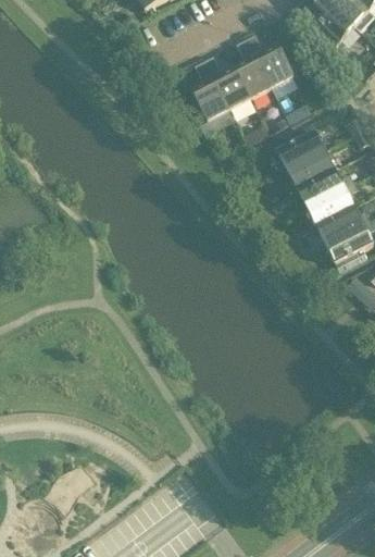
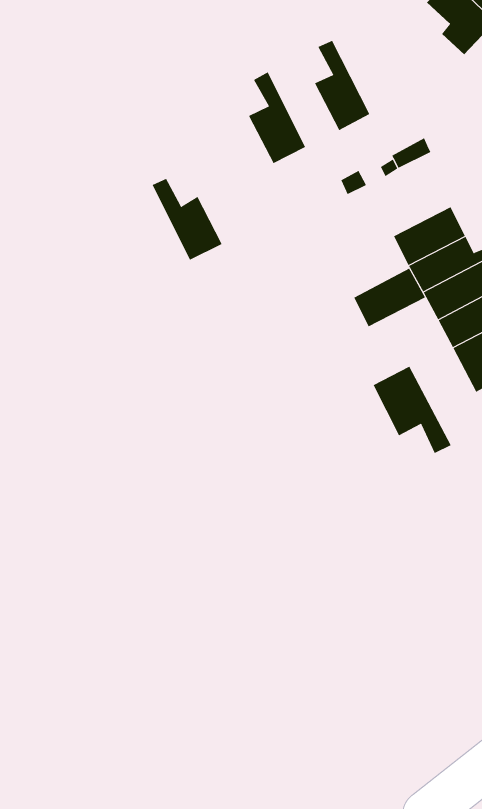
building: [246,33,292,87] -> none
building: [203,54,250,109] -> [152,178,223,261]
building: [276,128,324,168] -> [353,268,426,327]
building: none -> [373,366,452,454]

